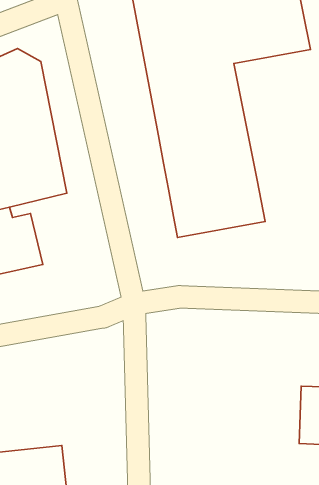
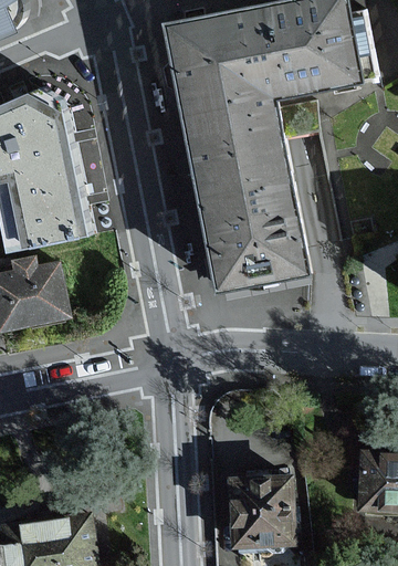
building: none -> [223,478,292,552]

